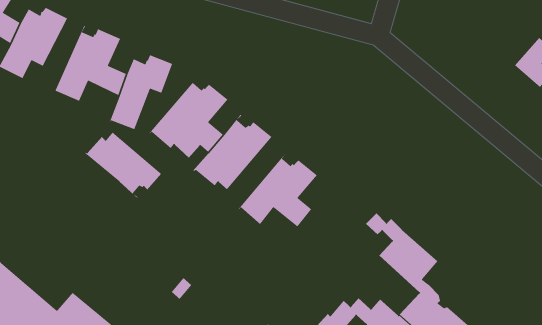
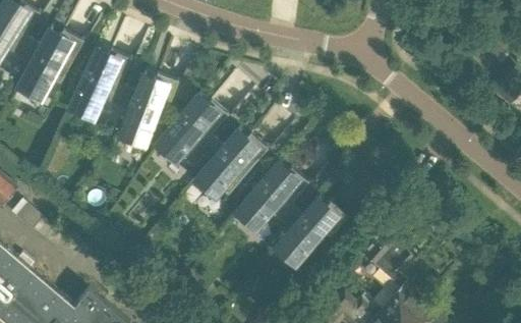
building: [84,132,162,199] -> none
building: none -> [274,197,346,263]

